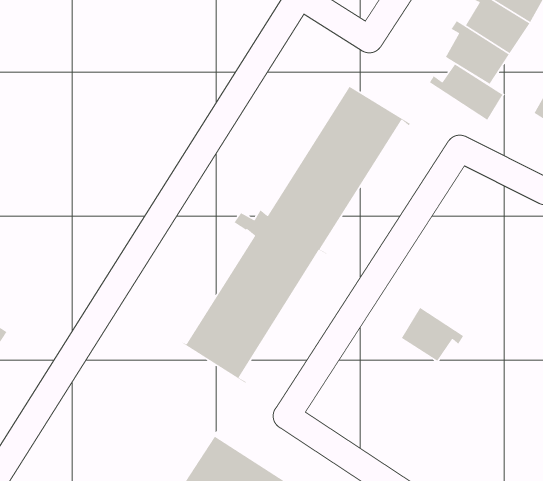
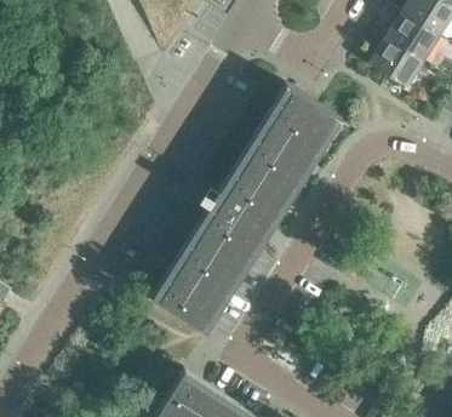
building: [429,58,503,121] -> none
building: [401,307,464,366] -> none

